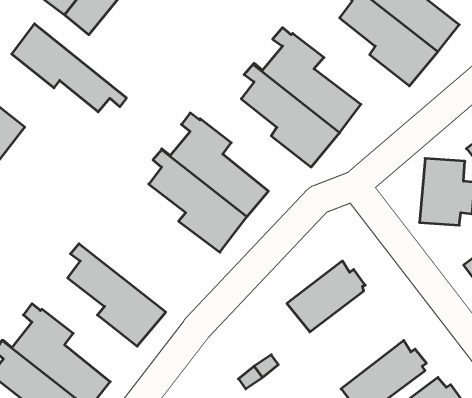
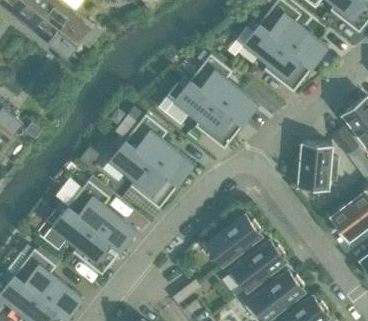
building: [12,24,126,112] -> none
building: none -> [60,177,136,251]
building: none -> [231,241,286,291]

